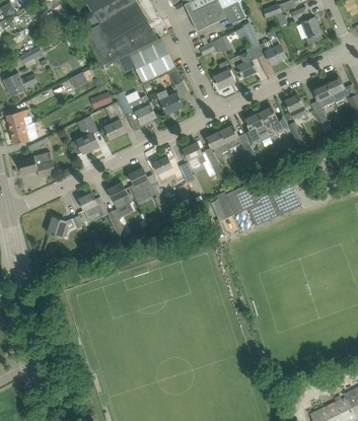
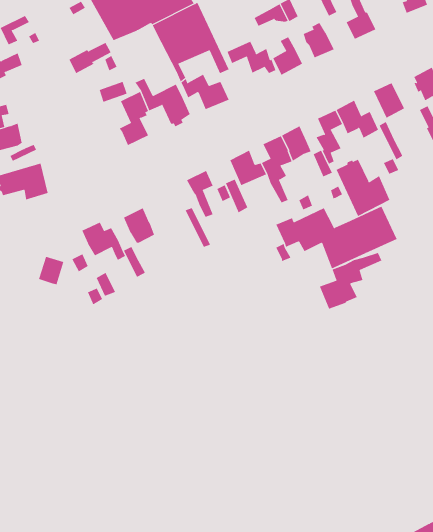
building: none -> [227,41,276,74]
building: [76,115,98,153] -> none
building: none -> [336,159,390,217]
building: [129,168,149,201] -> none
building: none -> [319,252,382,310]

